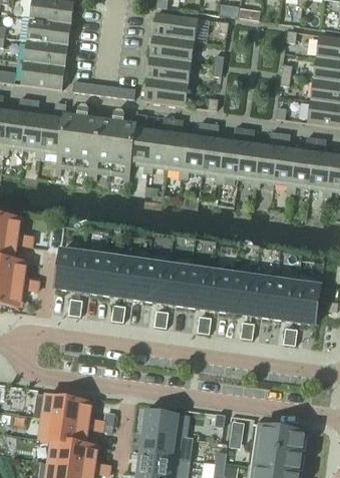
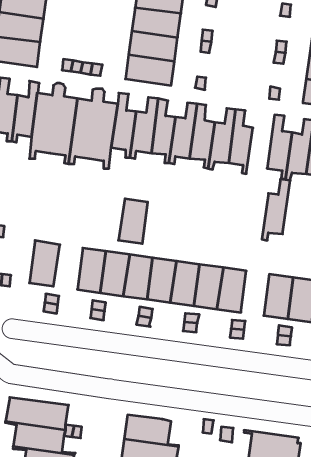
building: [255,131,281,187] -> [262,179,290,240]
building: [77,252,104,293] -> [118,199,148,244]
building: [250,276,276,317] -> none

